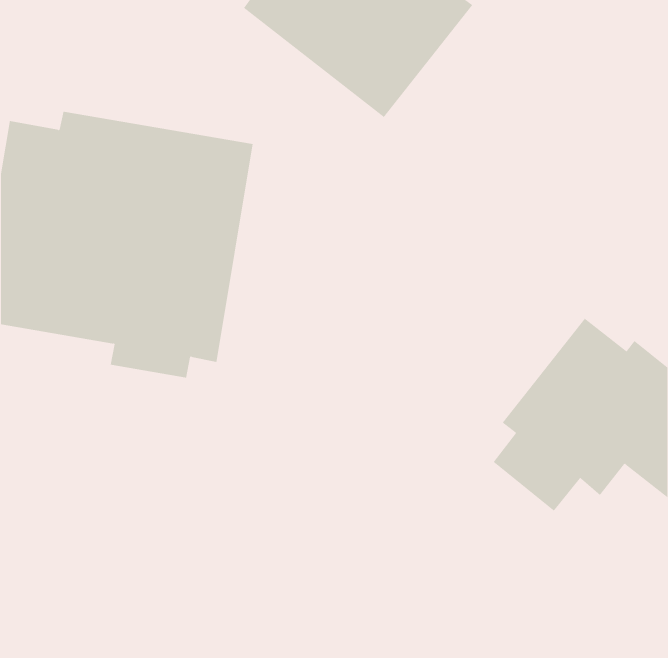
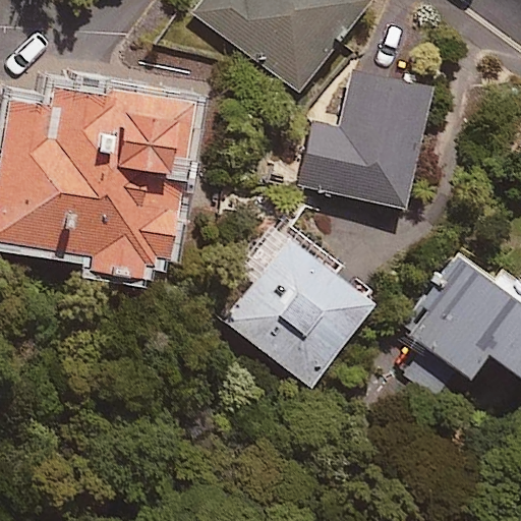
building: none -> [299,64,433,208]
building: none -> [212,217,373,388]

